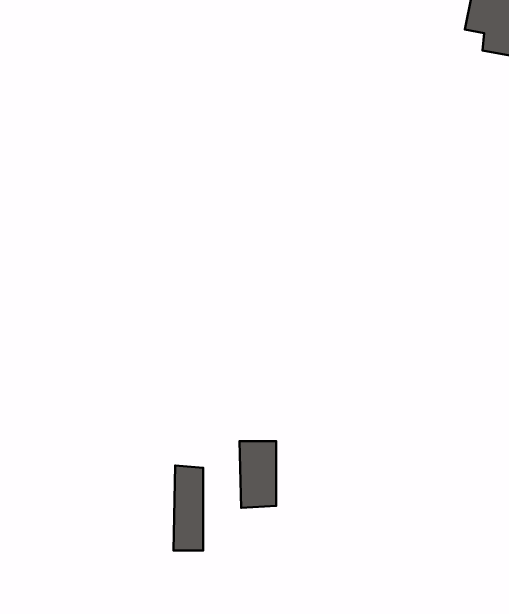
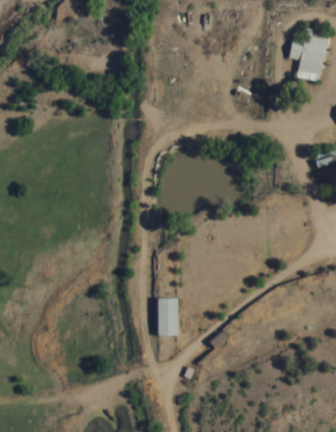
building: [174,465,203,551] -> none

